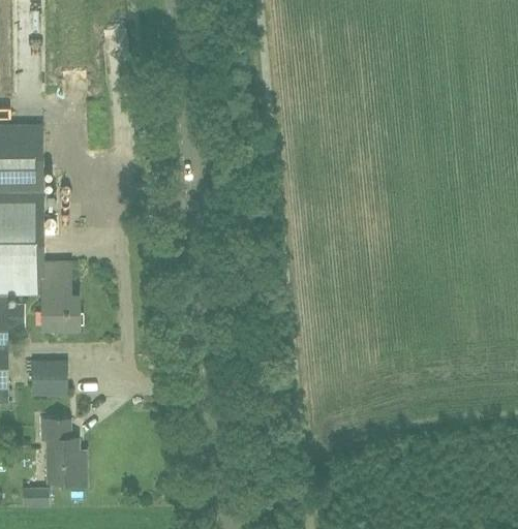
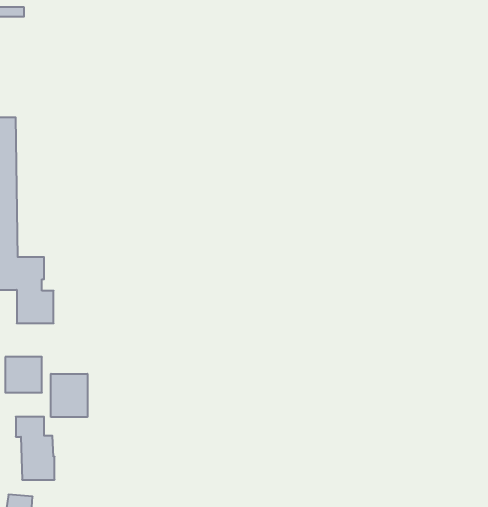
building: none -> [51,374,87,417]

